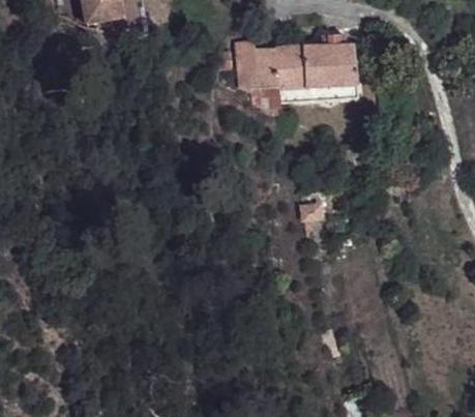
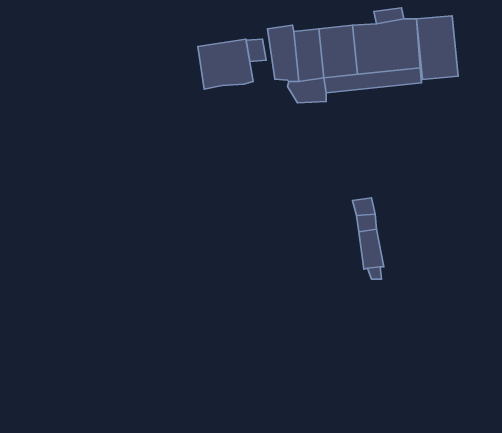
building: none -> [416,16,458,80]
building: none -> [198,39,253,89]

